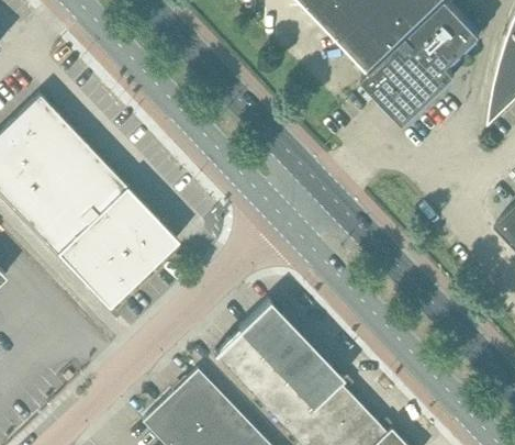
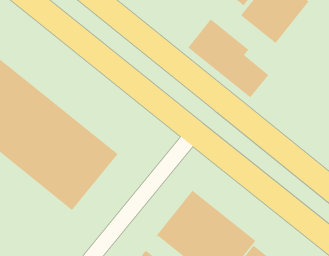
building: none -> [187,18,269,98]

